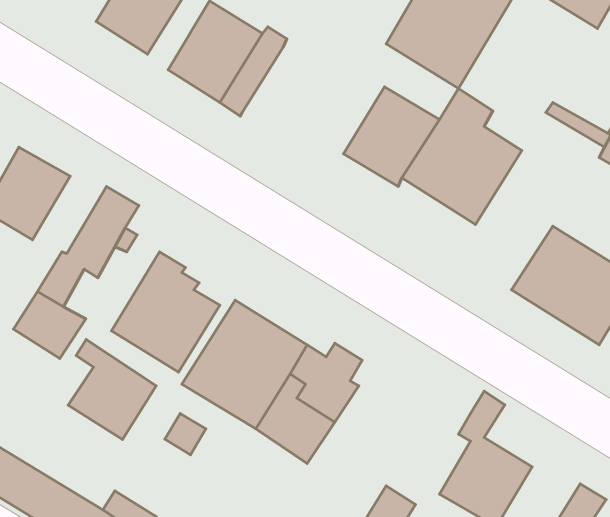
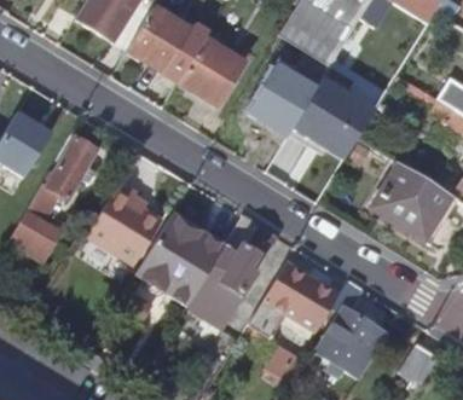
building: none -> [178,36,245,106]
building: [68,340,156,439] -> none
building: none -> [249,262,338,337]

